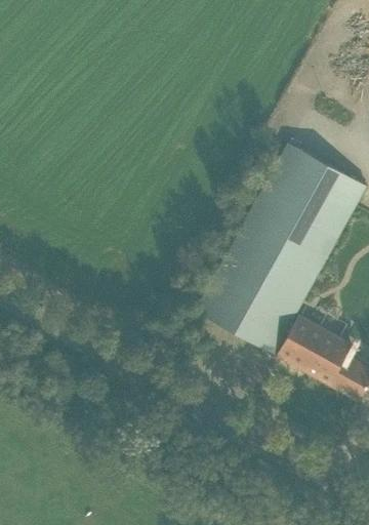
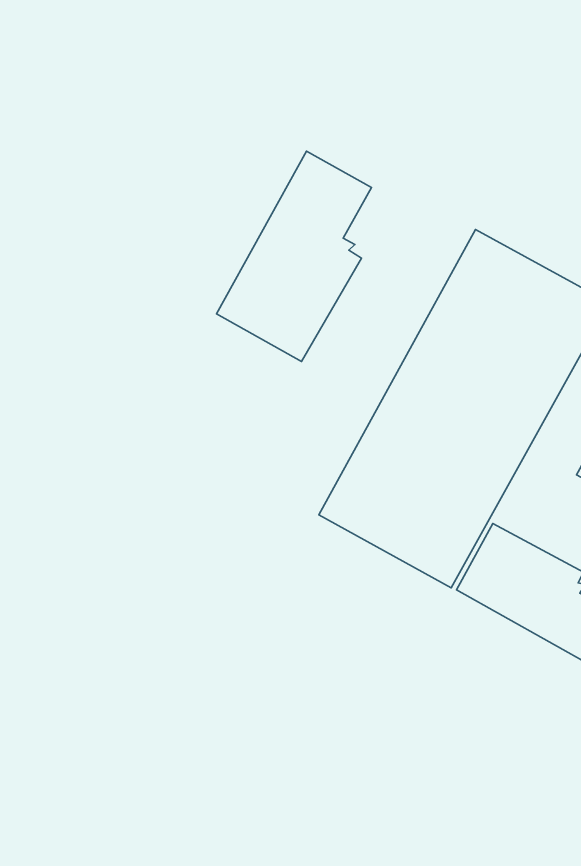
building: none -> [217,151,371,362]

